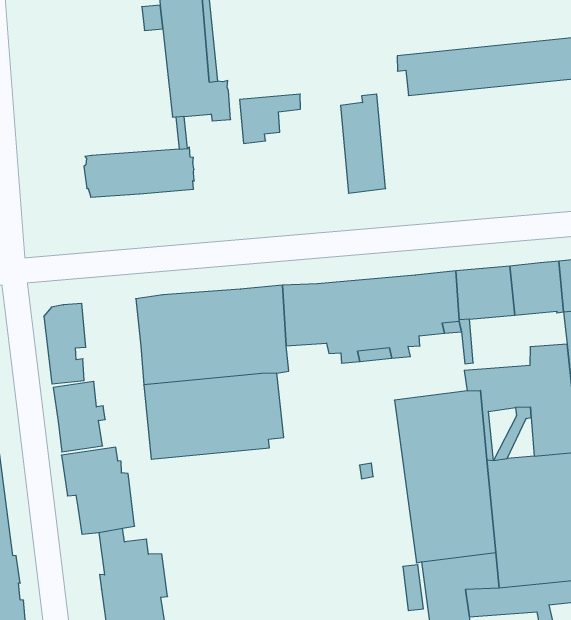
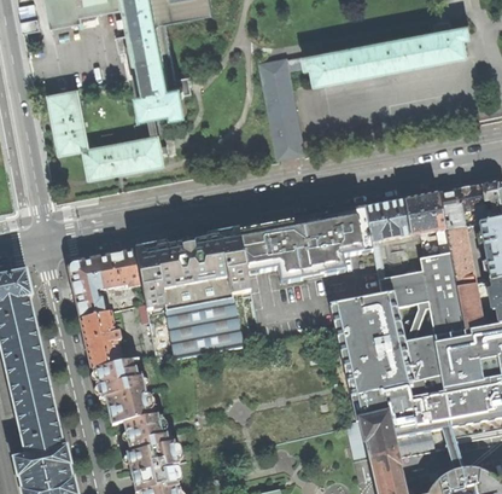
building: none -> [52,92,91,157]
building: [240,94,300,143] -> [261,56,305,95]
building: none -> [94,250,140,289]

